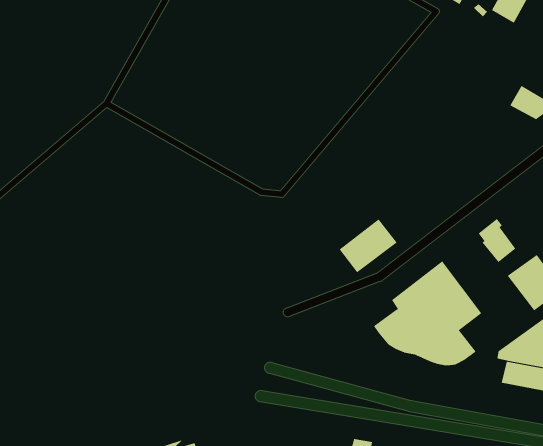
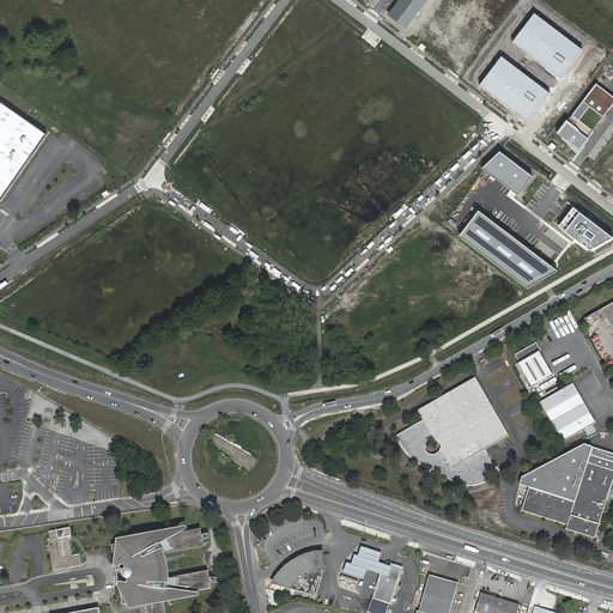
building: none -> [481,151,529,193]
building: none -> [461,210,558,287]
building: [339,219,397,273] -> none

